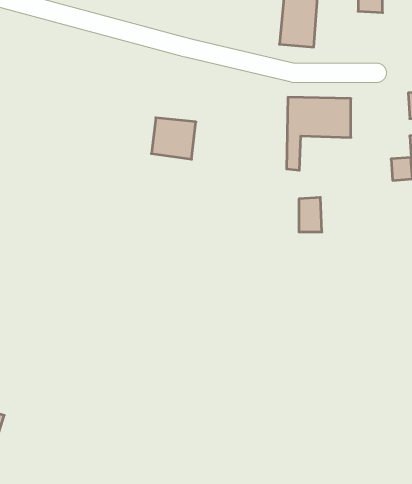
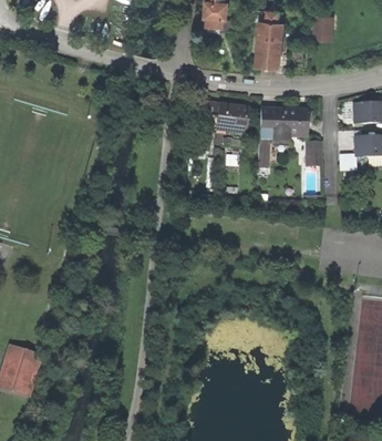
building: [151,118,196,159] -> [216,102,250,134]
building: [299,197,322,232] -> [306,140,323,166]

